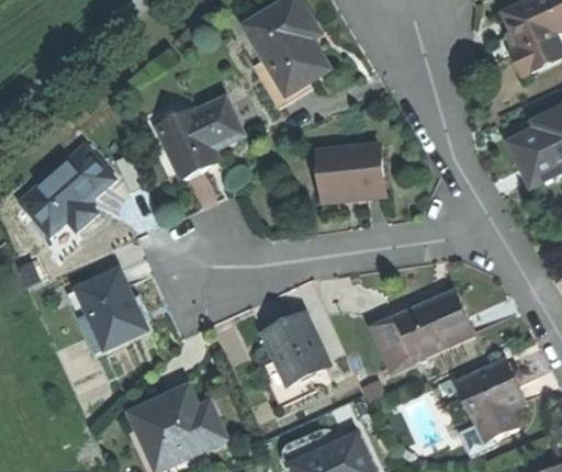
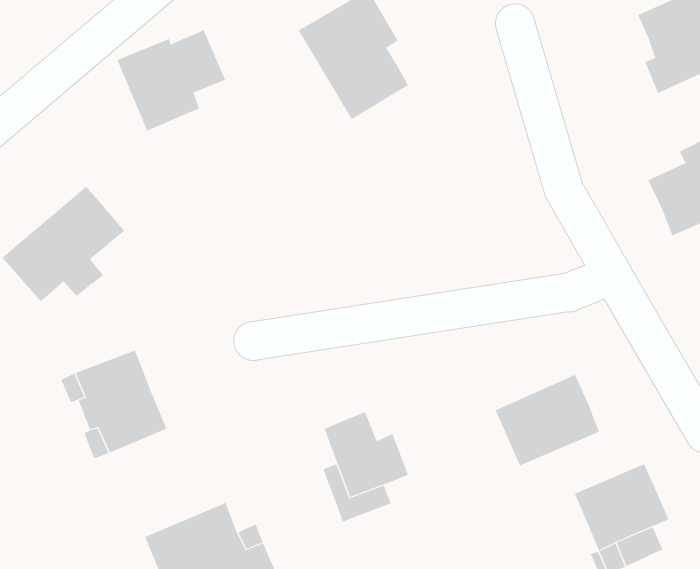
building: [155,100,238,178] -> [117,30,226,132]
building: [316,143,381,200] -> none
building: [373,316,414,368] -> none

